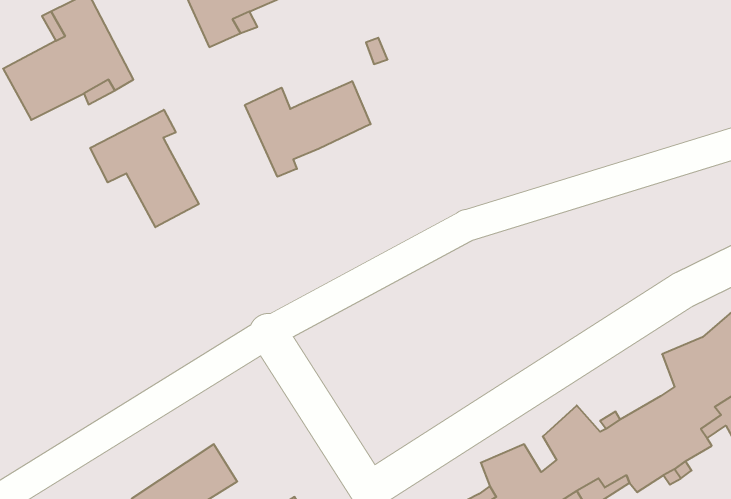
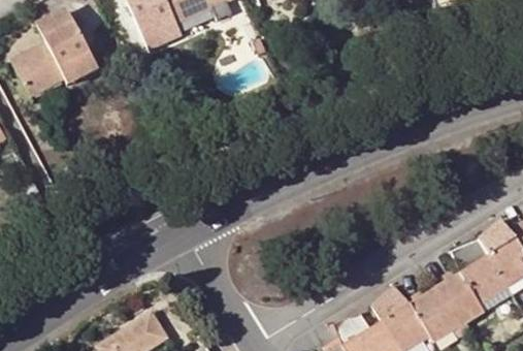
building: [245,81,371,177] -> none
building: [90,110,199,227] -> none

